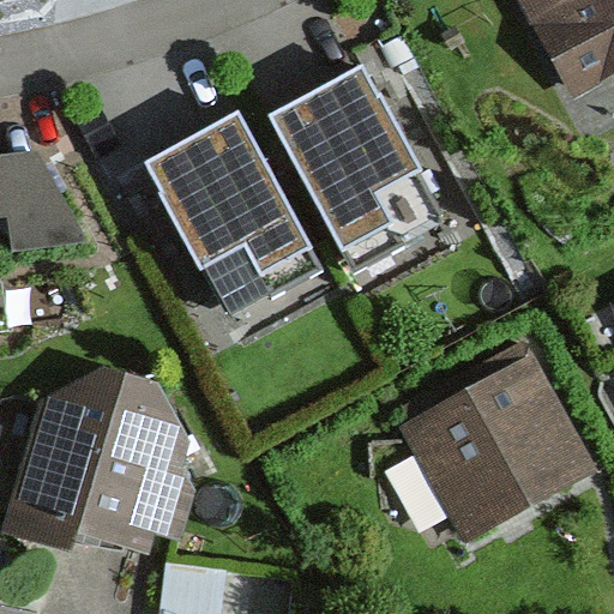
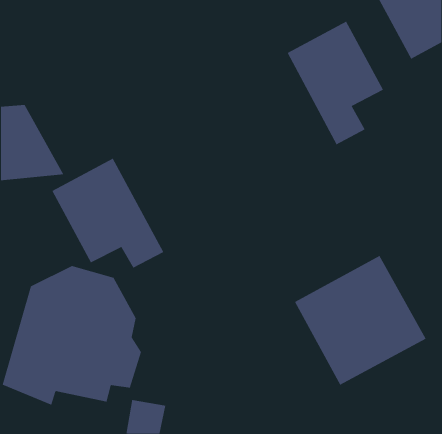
building: [277,83,411,255] -> [287,21,384,145]
building: [150,126,306,279] -> [52,158,164,268]

